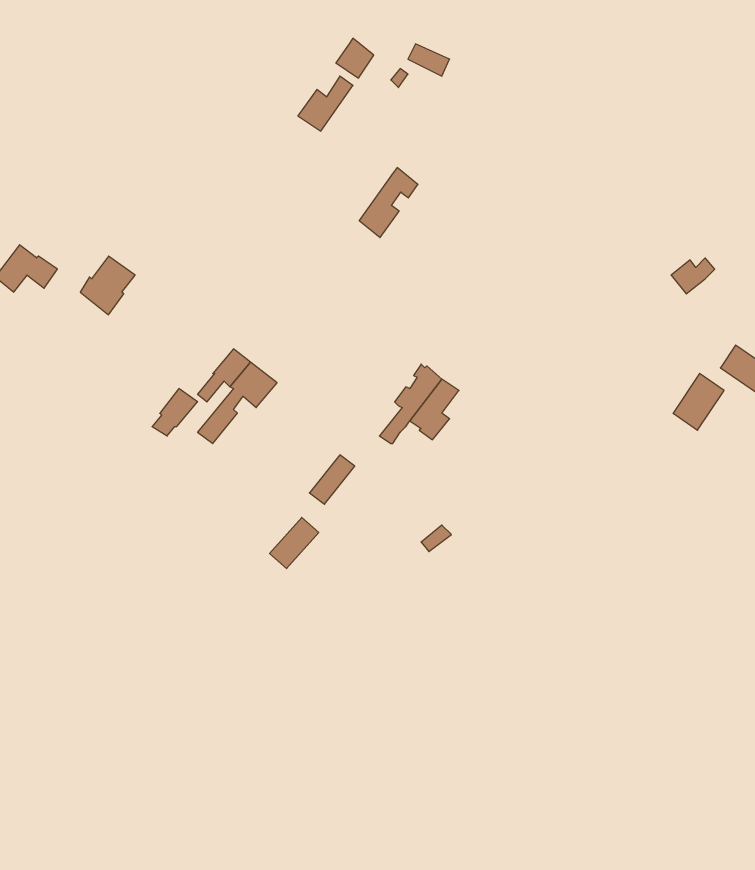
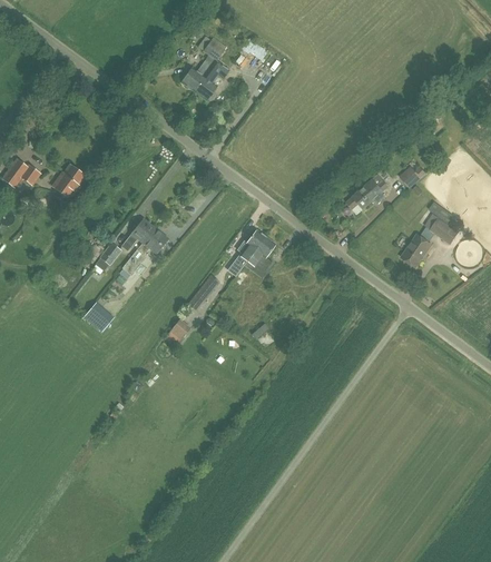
building: [359,168,418,238] -> [194,59,228,100]
building: none -> [346,179,387,207]
building: none -> [84,300,114,331]

